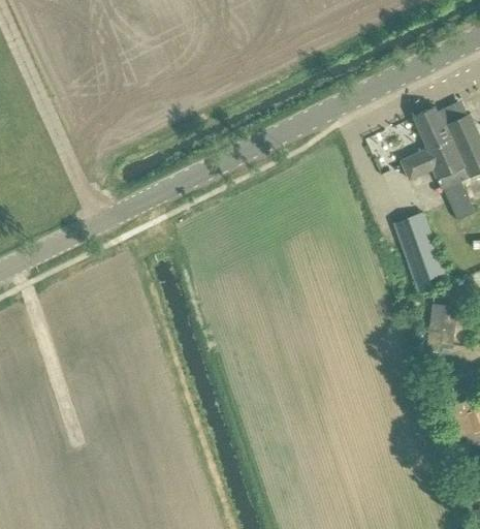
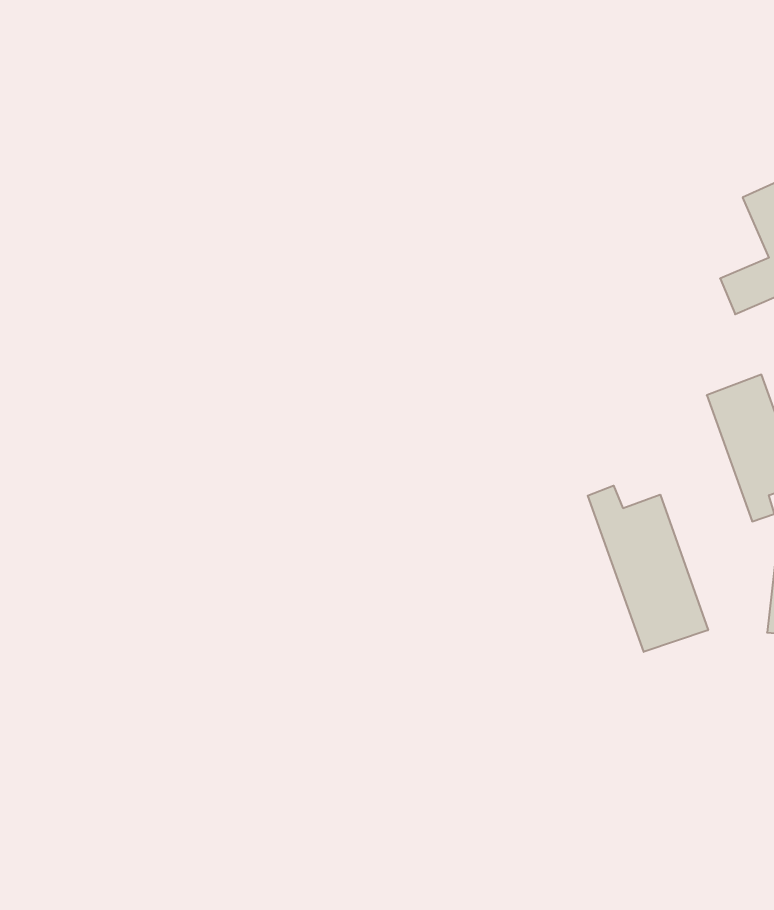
building: none -> [588,486,708,652]

